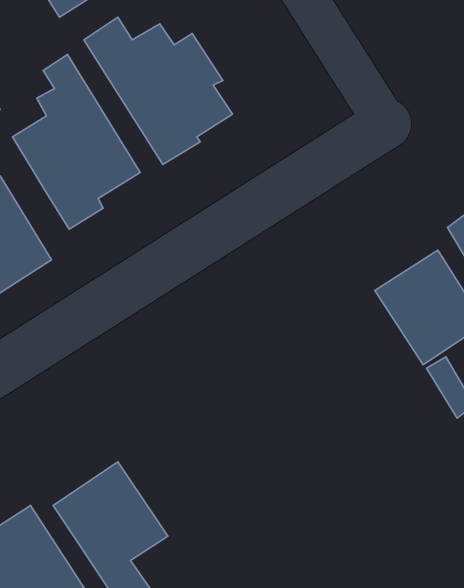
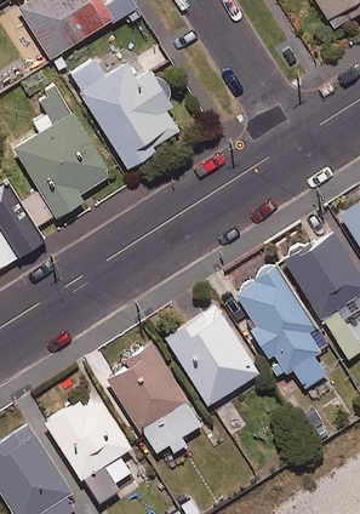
building: none -> [232,264,328,389]
building: none -> [165,304,258,405]
building: none -> [109,343,200,453]

